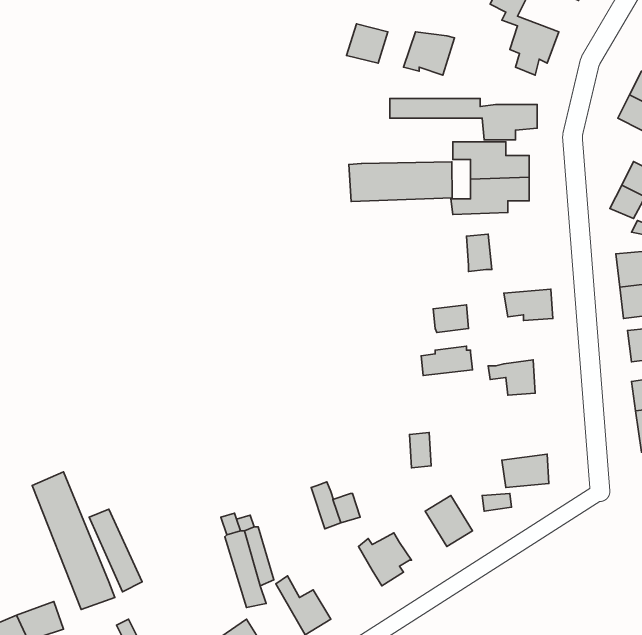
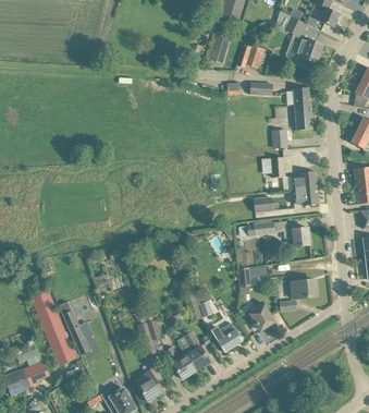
building: [349,162,452,202] -> none
building: none -> [282,171,318,191]
building: none -> [184,332,210,371]

